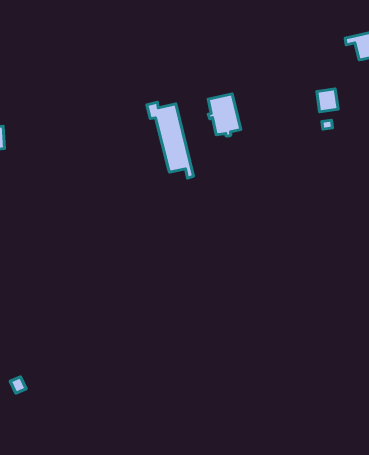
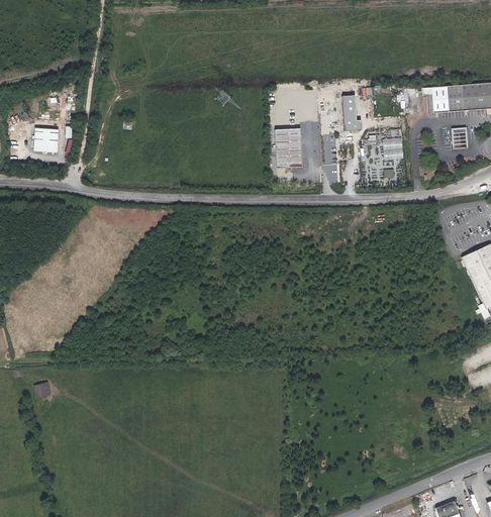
building: none -> [348,94,366,129]
building: [147,102,194,178] -> none

